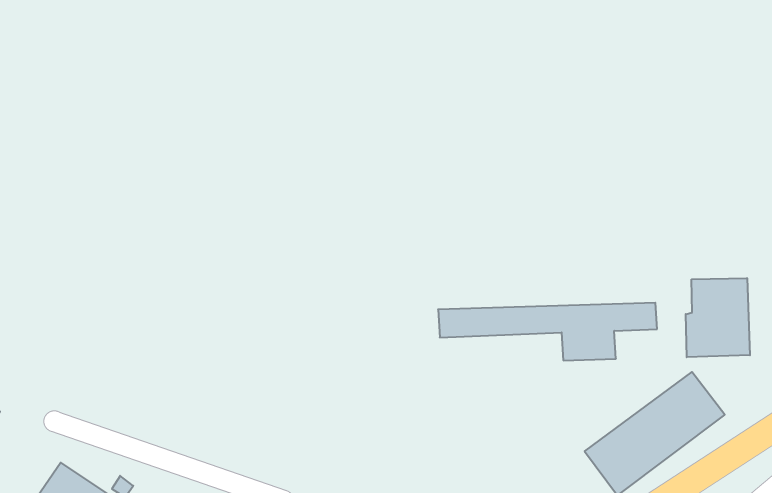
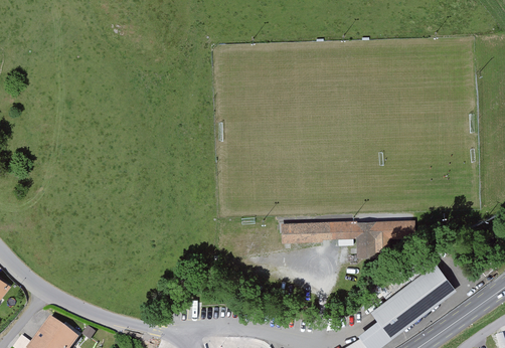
building: [686,278,750,357] -> none

